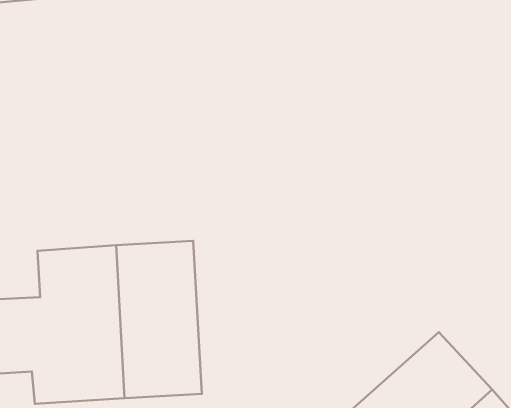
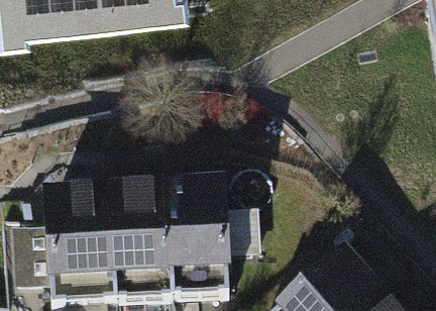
building: none -> [167,180,258,293]

